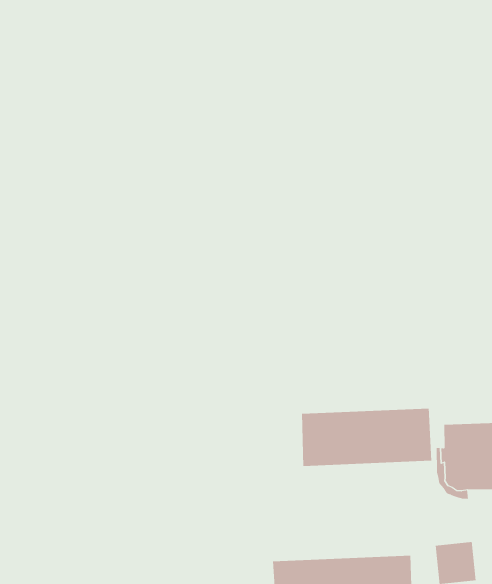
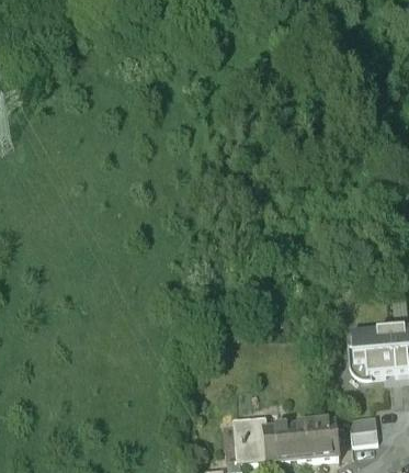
building: [302,408,432,467] -> none

